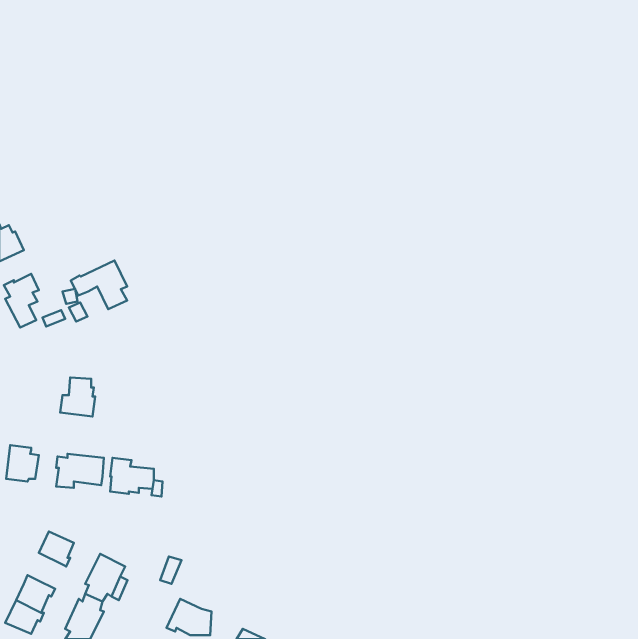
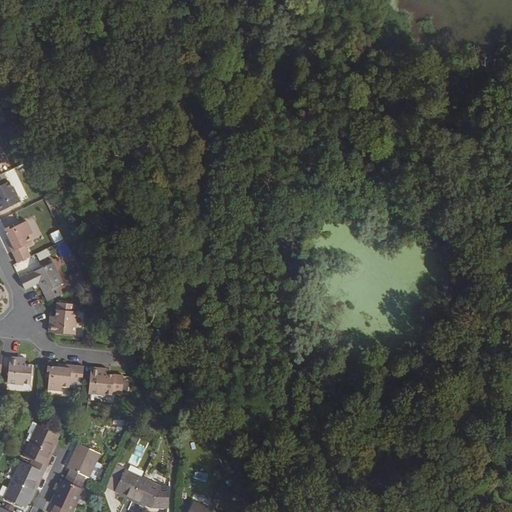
building: [71,260,127,309] -> [17,261,62,300]
building: none -> [25,442,51,471]
building: none -> [108,467,144,502]

